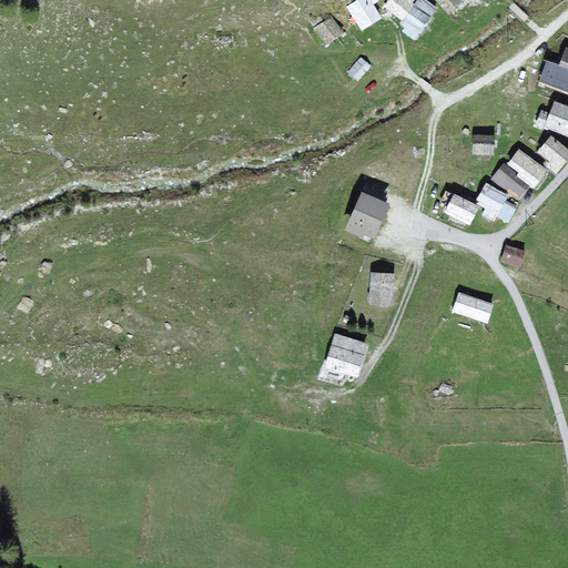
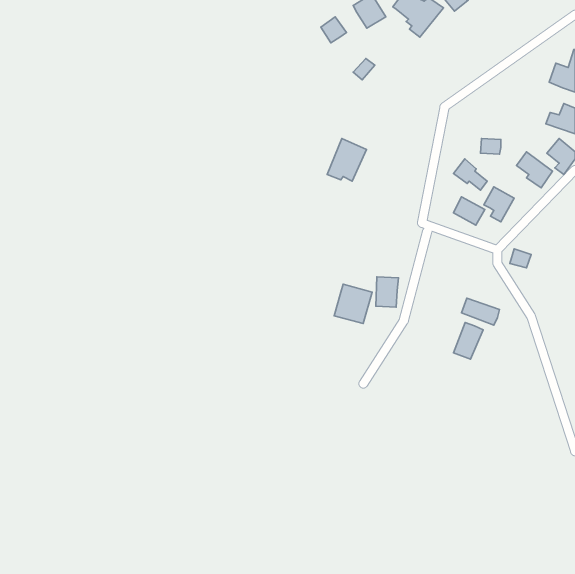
building: [494,163,527,194] -> [454,159,487,190]
building: [347,193,386,235] -> [327,138,367,181]
building: none -> [454,323,483,359]
building: [327,335,365,374] -> [334,284,372,324]

